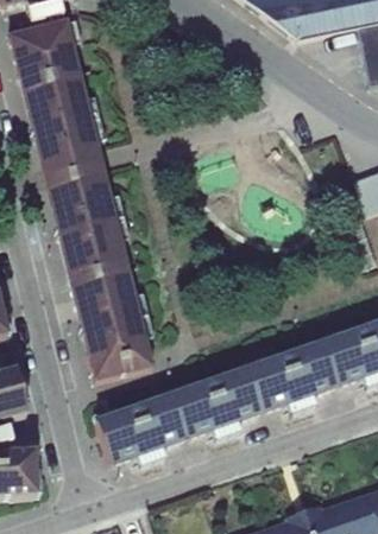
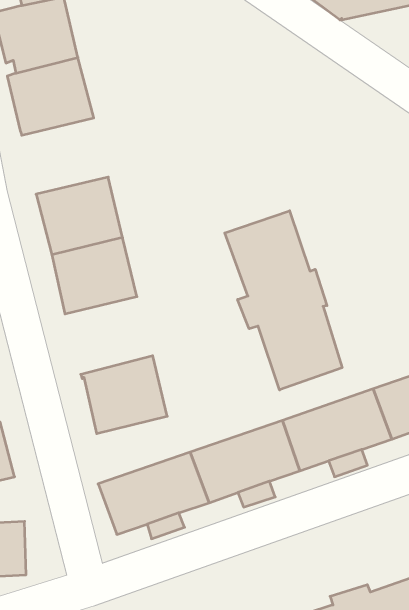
building: [33,117,105,180] -> none
building: none -> [225,211,342,390]
building: [69,265,141,329] -> none

